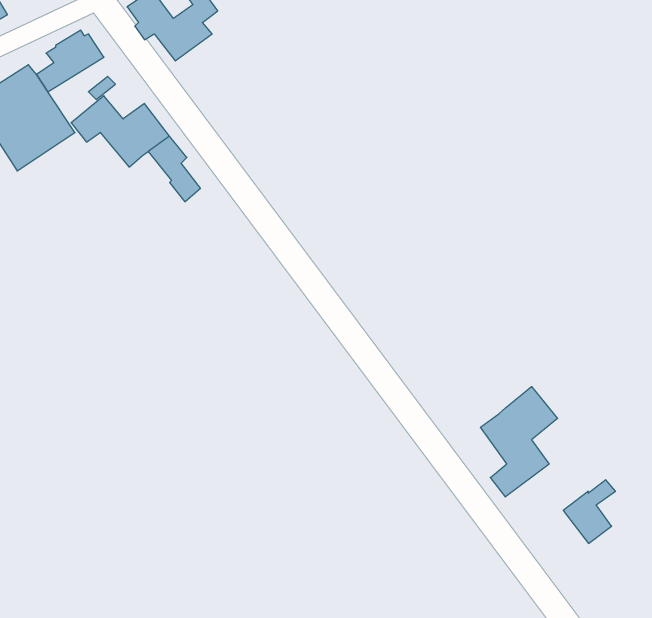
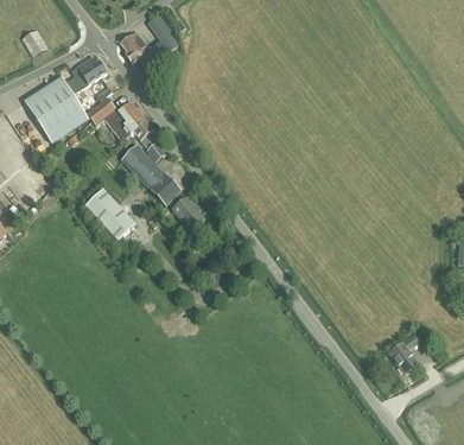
building: none -> [121,145,203,233]
building: none -> [85,187,135,239]
building: [480,387,558,497] -> none

